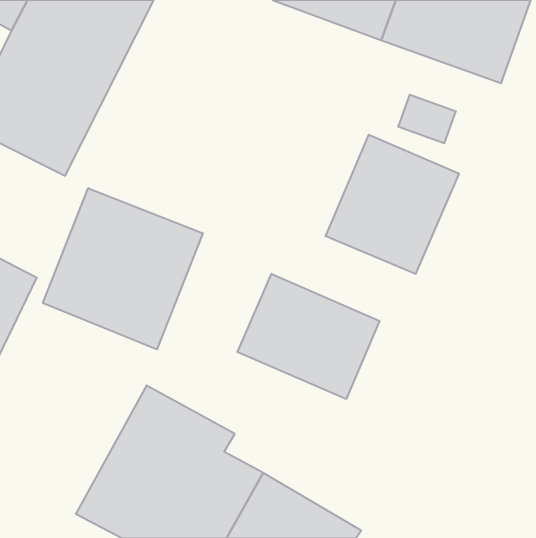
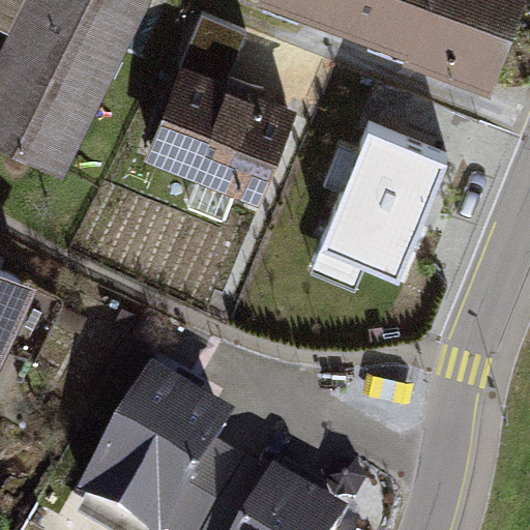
building: none -> [141,9,299,193]
building: [43,188,203,349] -> none
building: [237,274,379,399] -> none

